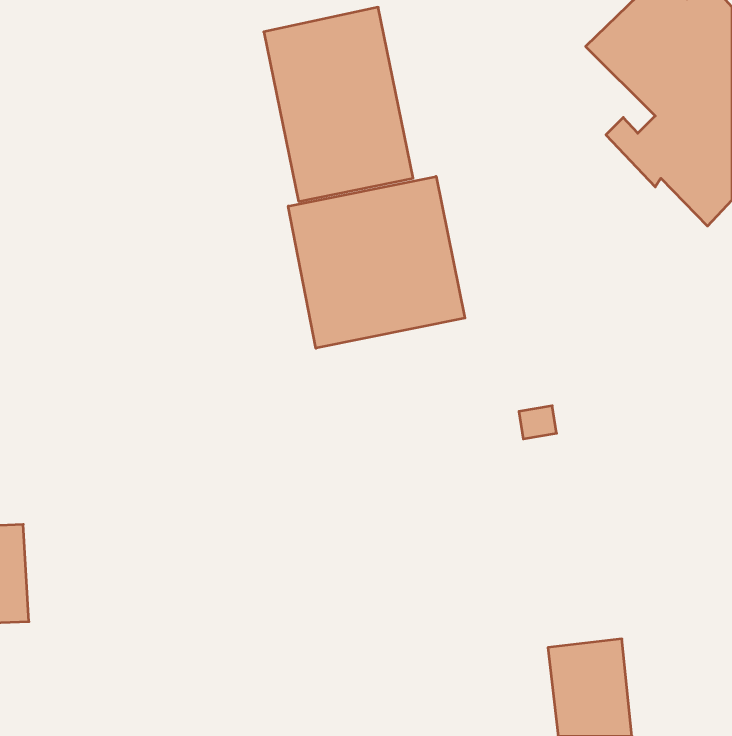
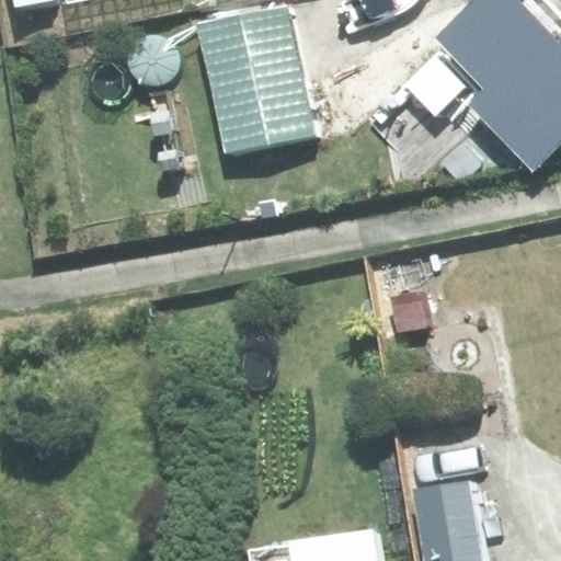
building: [288,176,465,348] -> none

